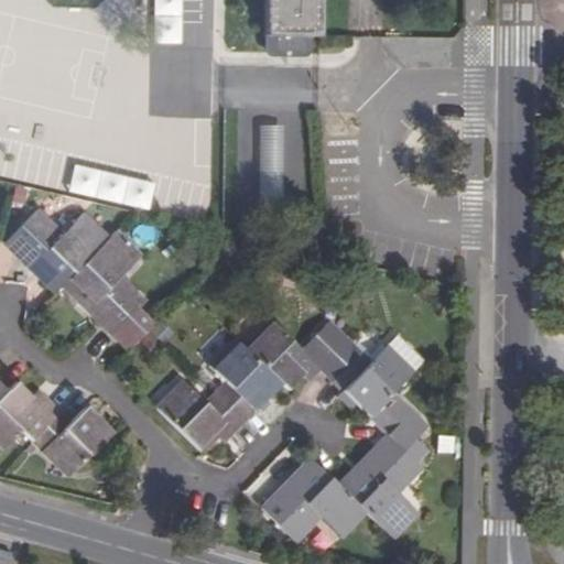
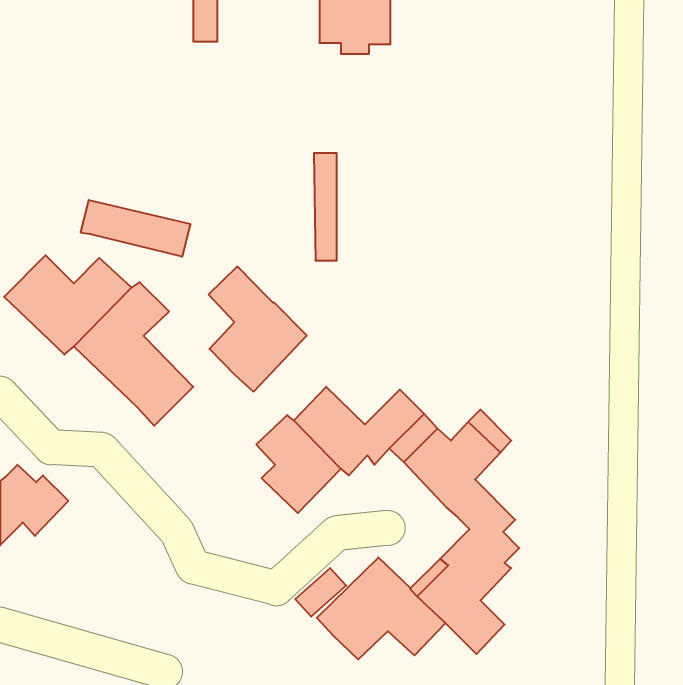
building: none -> [209,267,307,392]
building: [159,381,247,452] -> none
building: [31,405,112,476] -> none

